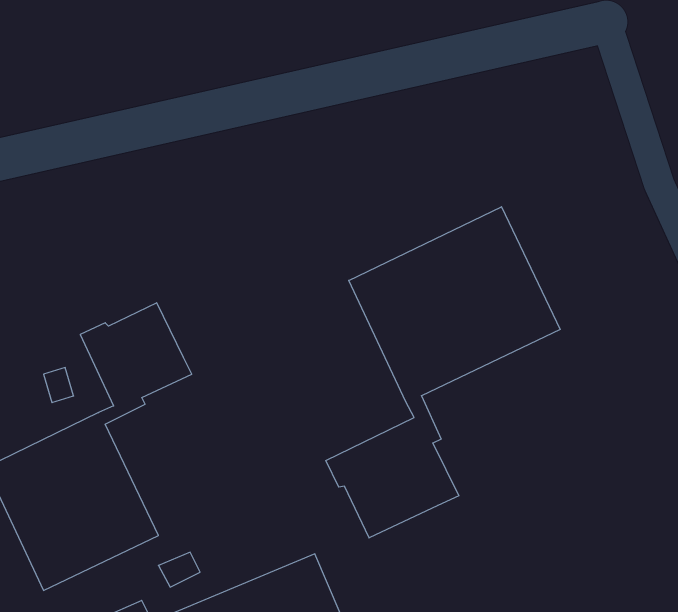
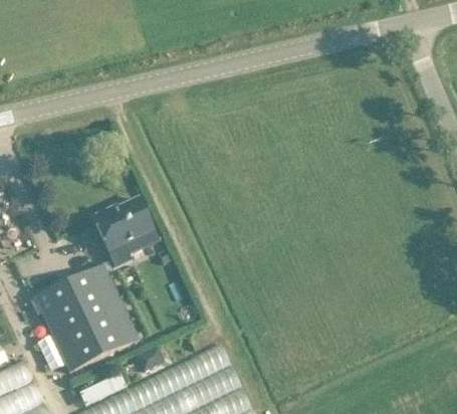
building: [326,207,560,538] -> none

